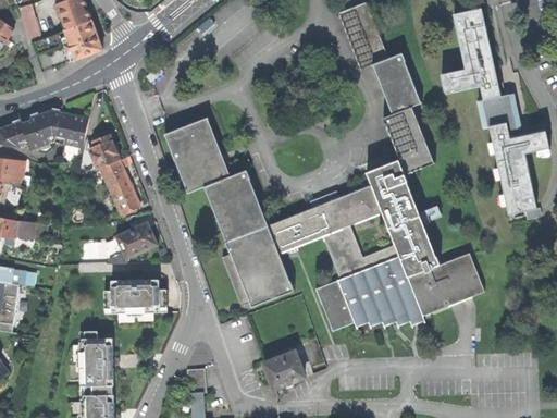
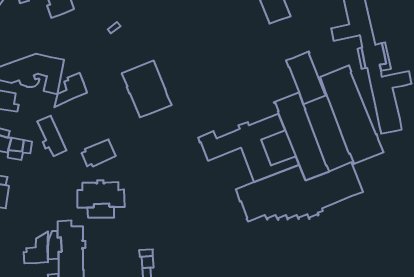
building: [372,53,421,114] -> none
building: none -> [320,65,384,164]
building: [100,160,139,213] -> [37,116,67,156]
building: [203,170,294,307] -> none
building: none -> [24,231,48,263]
building: [263,352,305,389] -> none

